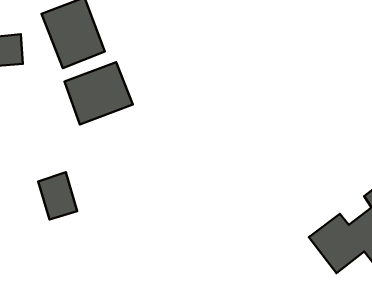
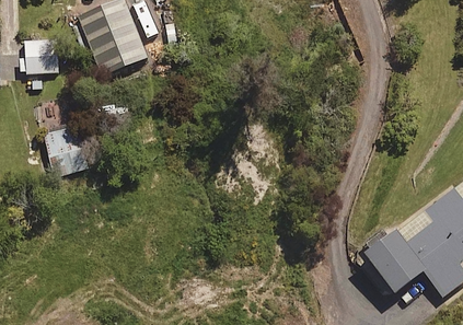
building: [64,62,133,125] -> none
building: [38,172,77,219] -> [44,125,85,175]

